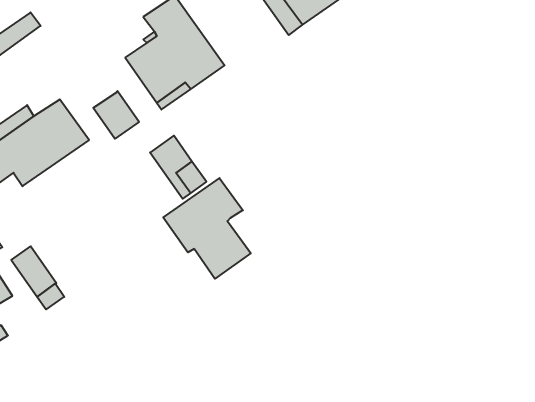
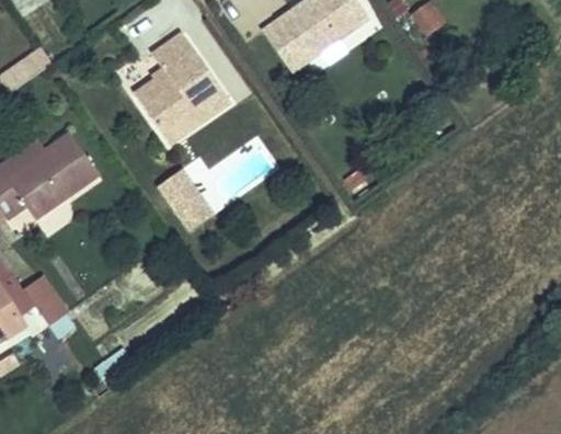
building: [93,91,139,139] -> none
building: [163,178,251,279] -> none

